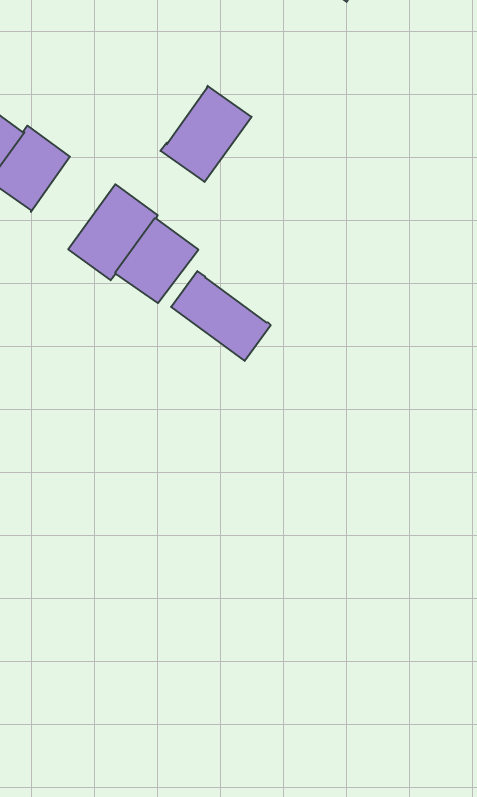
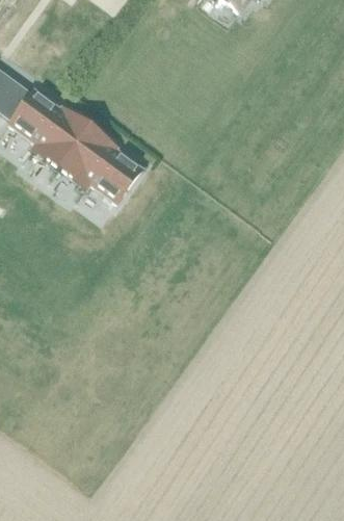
building: [160,86,252,182] -> [31,105,89,166]
building: [171,271,271,361] -> none

